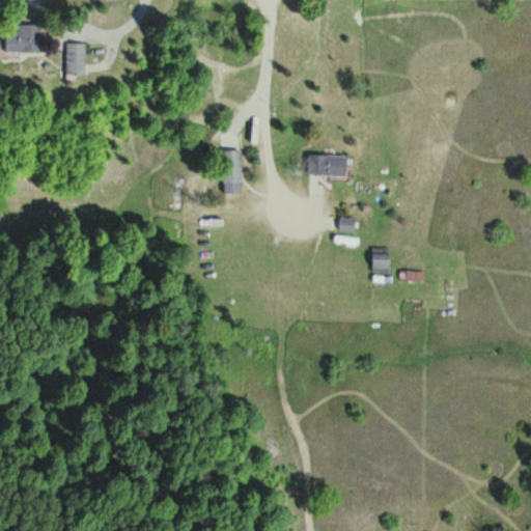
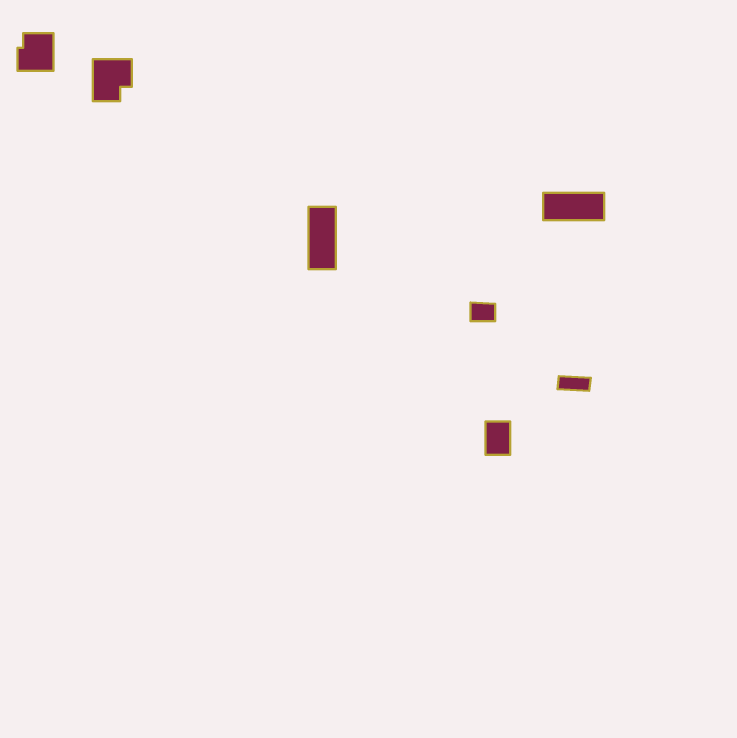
building: [306,156,350,175] -> [543,193,604,220]
building: [371,249,389,273] -> [486,422,510,455]

